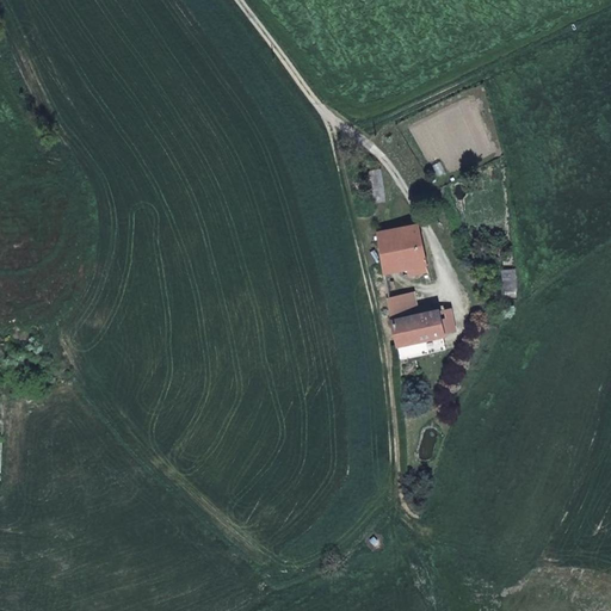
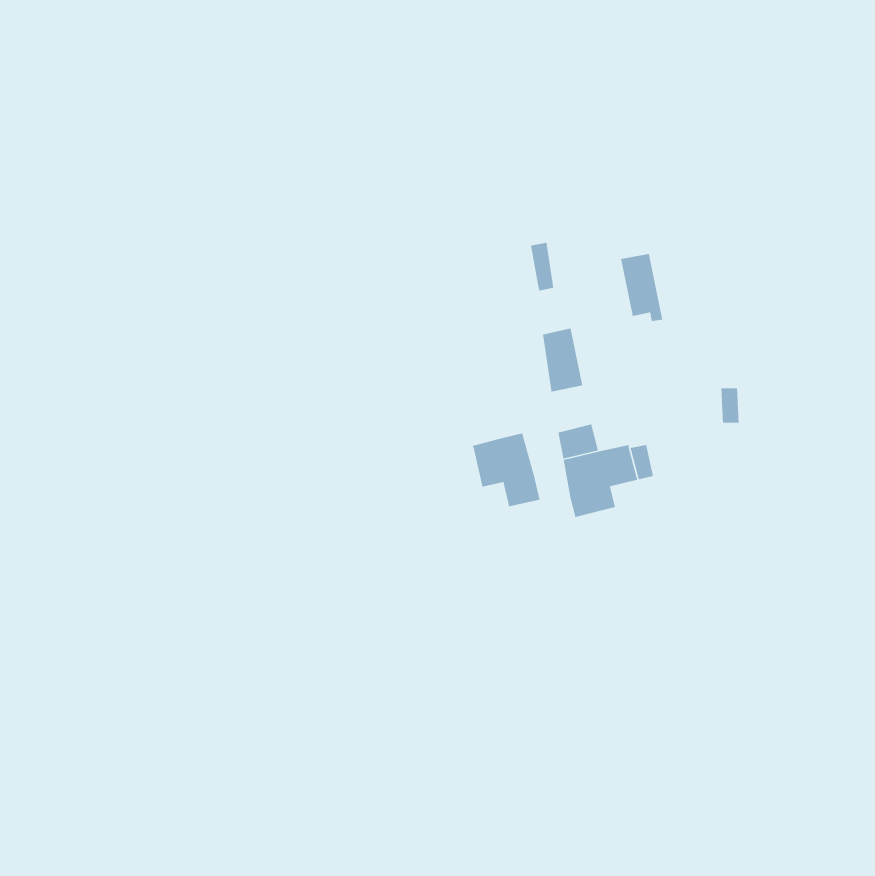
building: [397,224,427,272] -> [620,253,663,322]
building: none -> [472,433,540,507]

